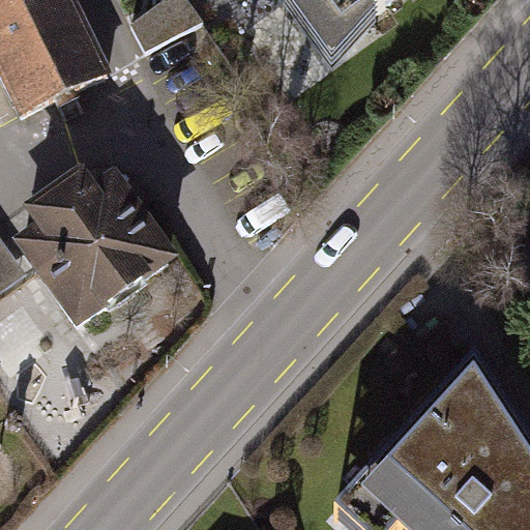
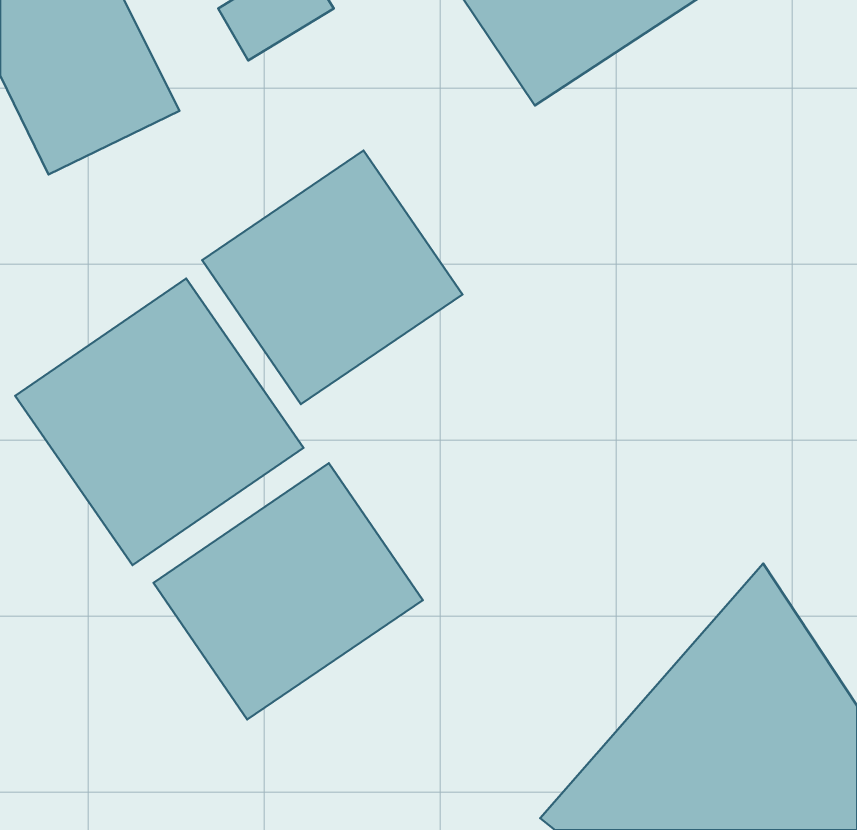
building: none -> [202,151,462,404]
building: none -> [153,463,423,719]

